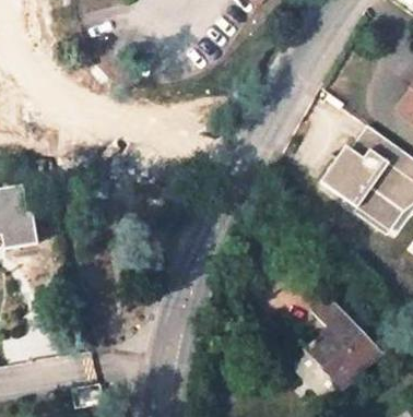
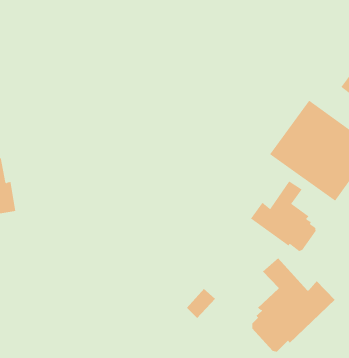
building: none -> [250,180,316,252]

